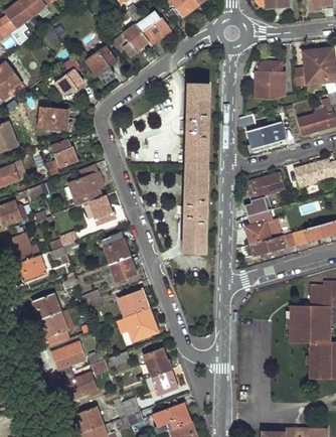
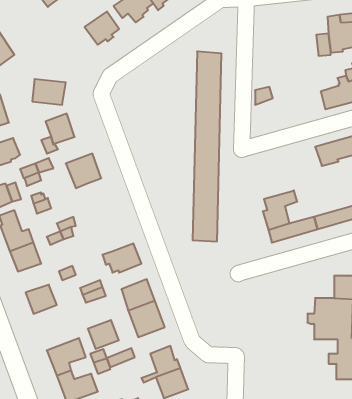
building: [259,60,286,95] -> none
building: [55,67,85,96] -> none
building: [247,121,287,149] -> none
building: [245,171,285,215] -> none
building: [88,195,113,223] -> none
building: [103,236,130,263] -> none
building: [39,311,67,337] -> [88,320,119,349]

